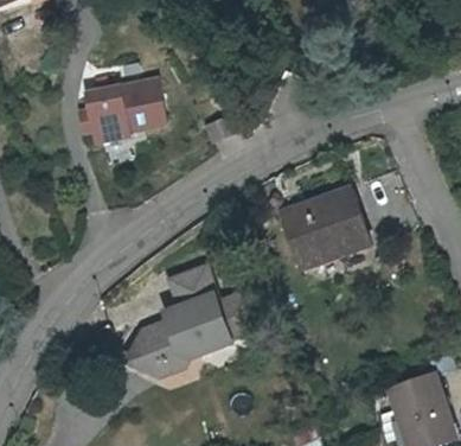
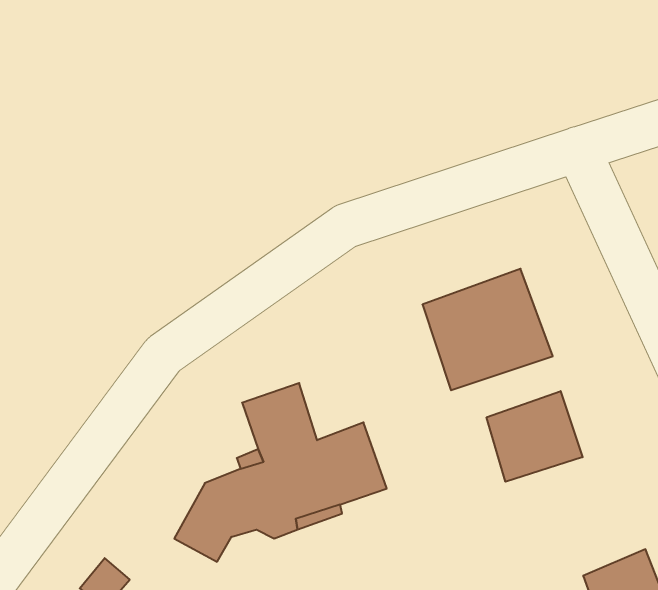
building: [82,76,161,141] -> none
building: none -> [487,391,583,482]

